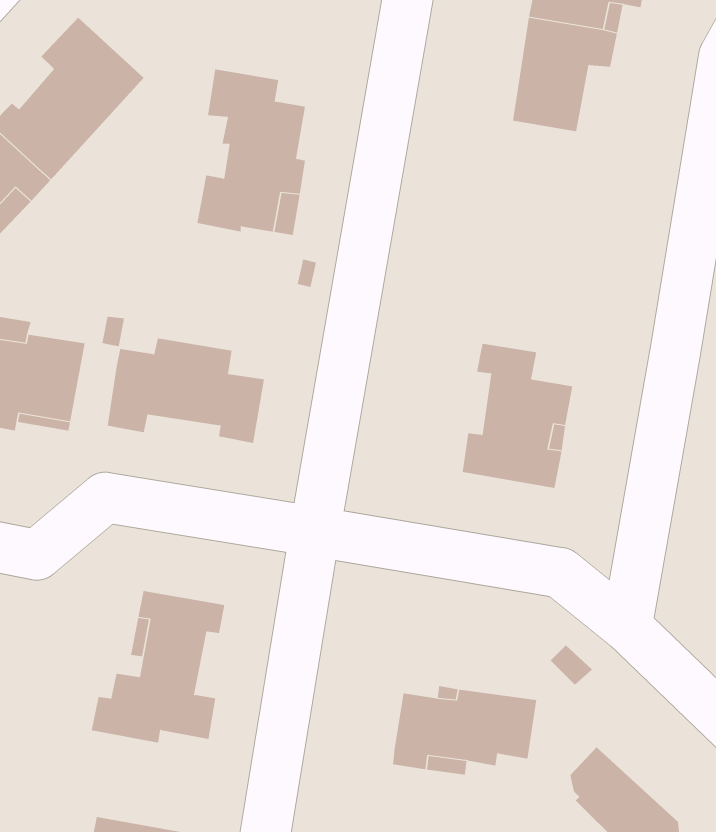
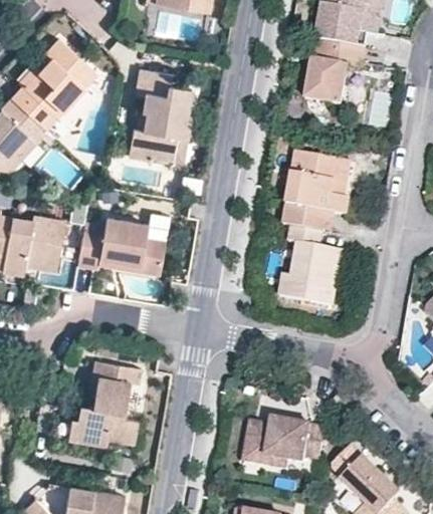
building: none -> [280,150,351,228]

